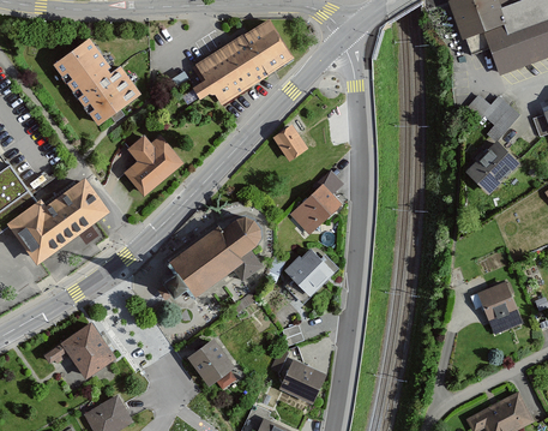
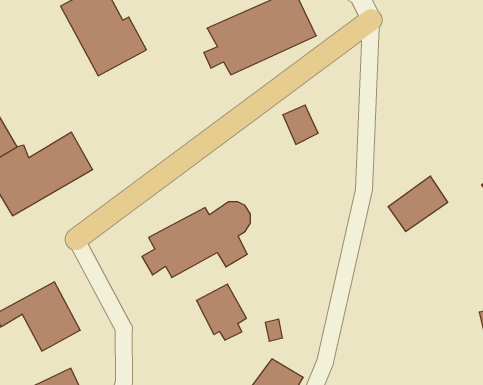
building: [125,136,182,196] -> none
building: [289,182,343,237] -> [388,176,448,232]
building: [284,246,338,297] -> none
building: [189,337,237,389] -> [196,284,246,340]

